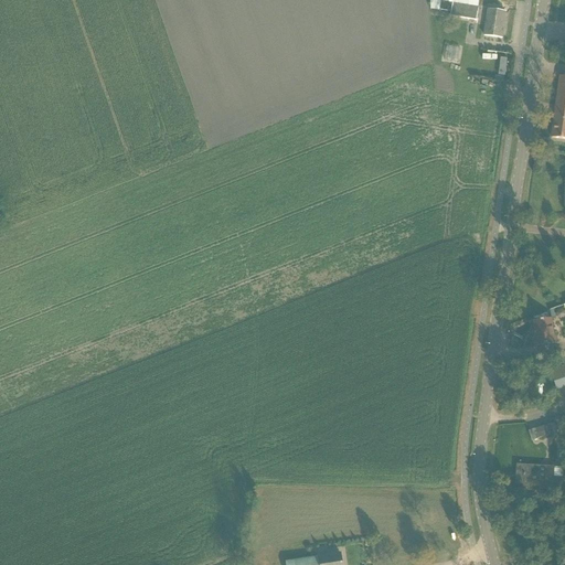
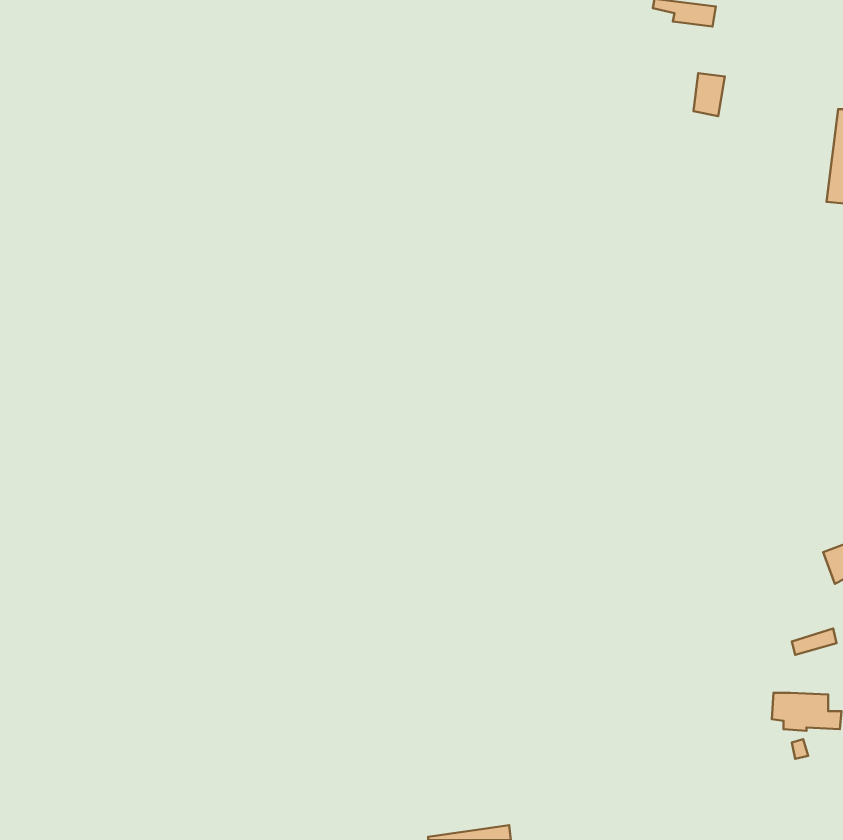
building: [486,7,507,35] -> [693,73,725,116]
building: [533,316,556,343] -> none

